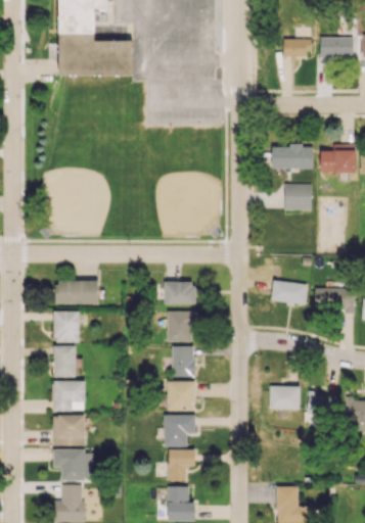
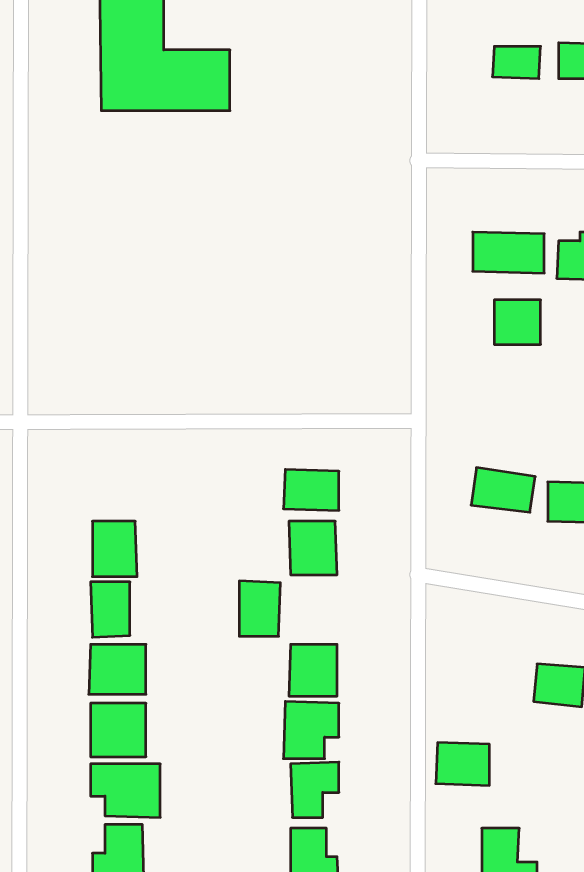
building: [55,280,98,304] -> none
building: [172,345,195,377] -> [239,581,280,636]
building: [269,385,300,410] -> [436,743,489,785]

